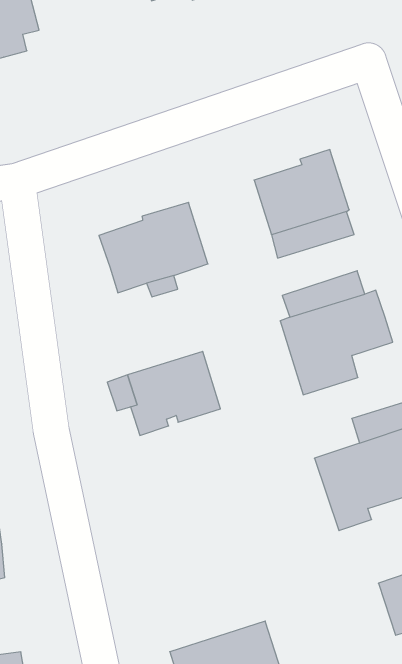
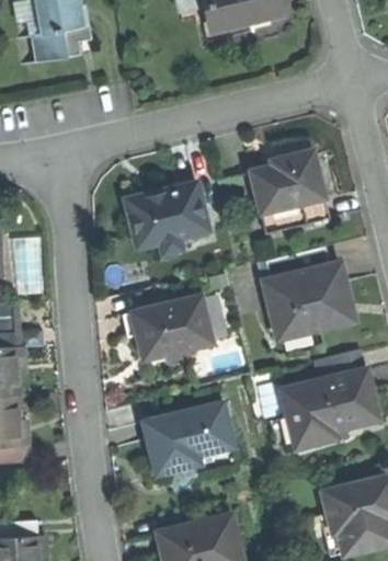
building: none -> [141,404,233,478]

